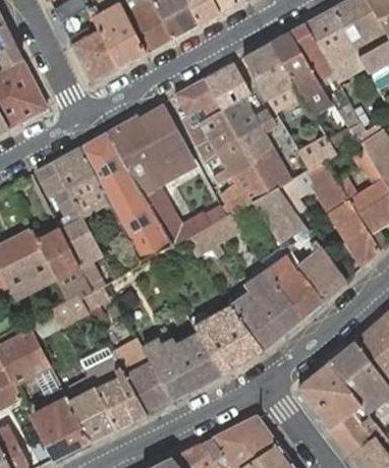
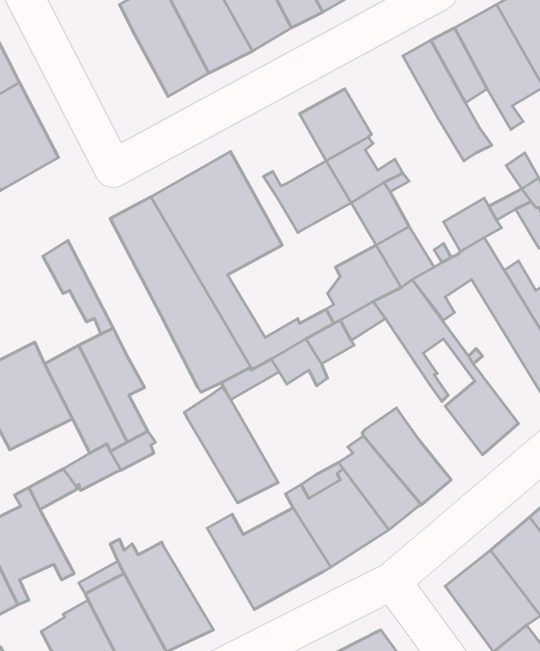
building: [71,28,118,82] -> none
building: [244,42,293,105] -> none
building: [174,79,221,126] -> none
building: [203,137,254,184] -> none
building: [53,148,113,225] -> none
building: [267,255,323,317] -> none
building: [113,340,174,415] -> [184,387,278,503]

